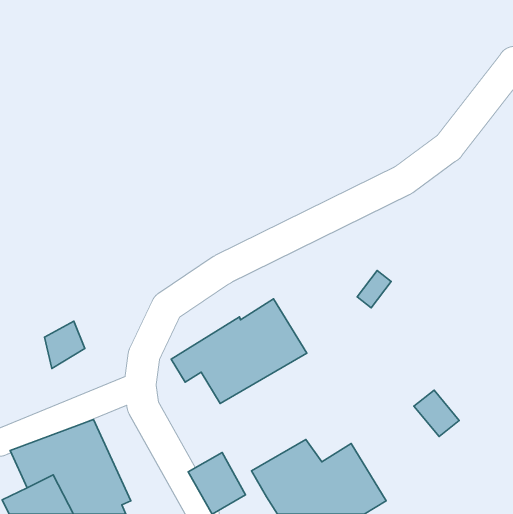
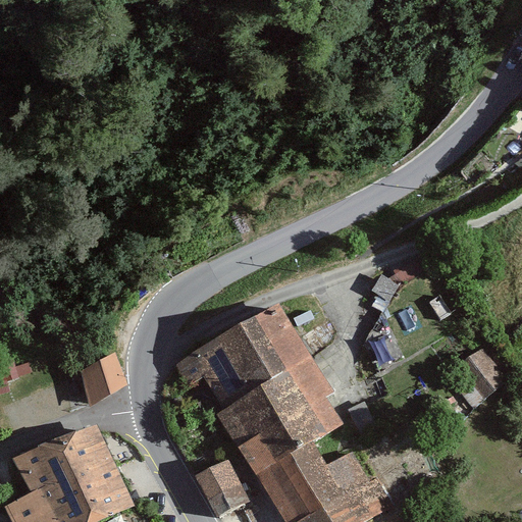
building: [45,321,85,368] -> [86,357,126,405]
building: none -> [216,358,345,477]
building: [414,390,459,436] -> [460,352,506,399]

